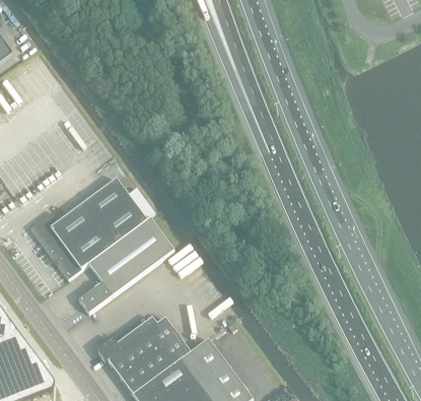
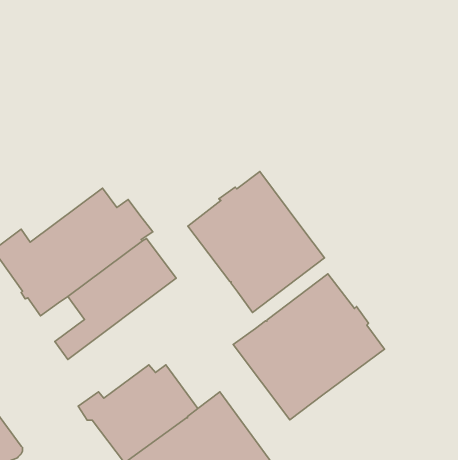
building: none -> [188,172,324,312]
building: none -> [233,274,385,420]

